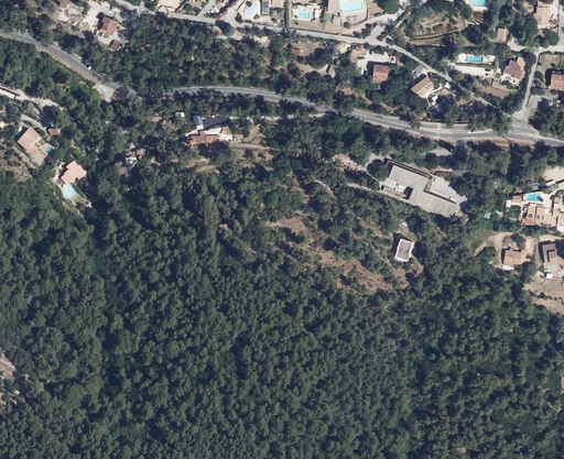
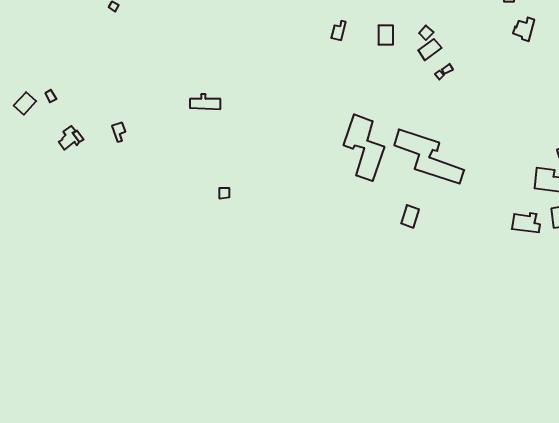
building: none -> [344,114,384,181]

